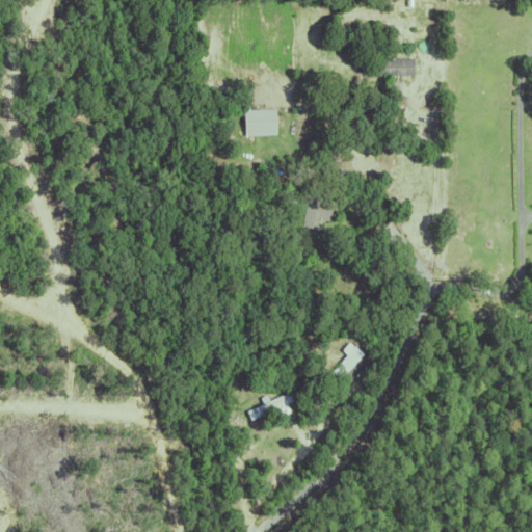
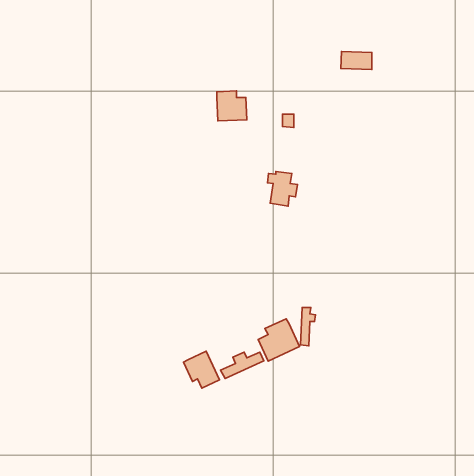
building: none -> [258,319,299,361]
building: none -> [183,351,220,388]

